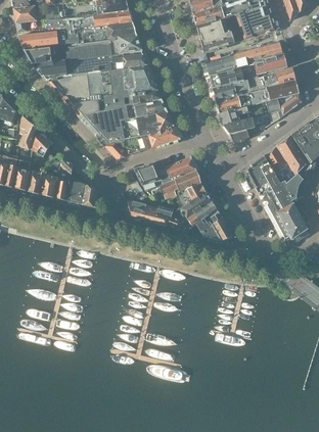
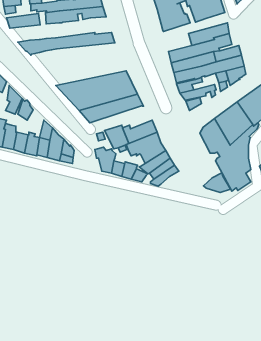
building: [64,35,141,60] -> none
building: [24,46,58,64] -> none
building: [206,54,237,76] -> none
building: [48,65,160,115] -> none
building: [200,217,232,240] -> [204,173,230,193]

